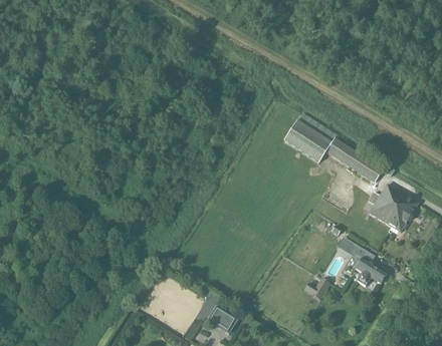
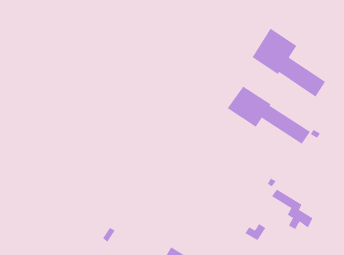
building: none -> [252,28,326,97]
building: [367,182,418,232] -> none

